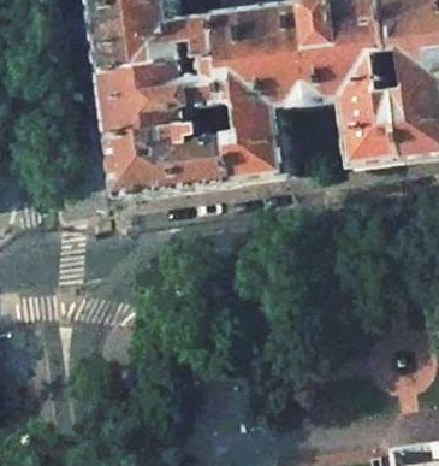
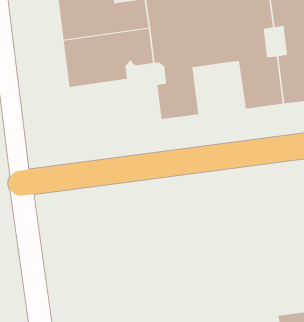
building: [101,118,229,195] -> none

